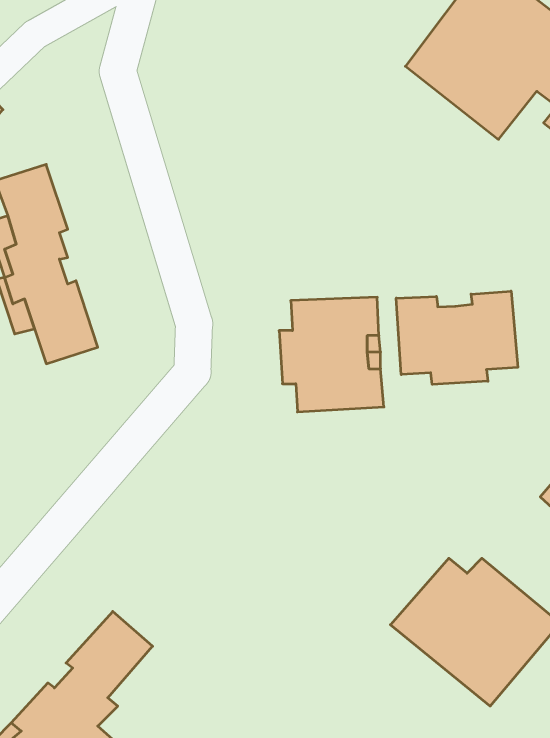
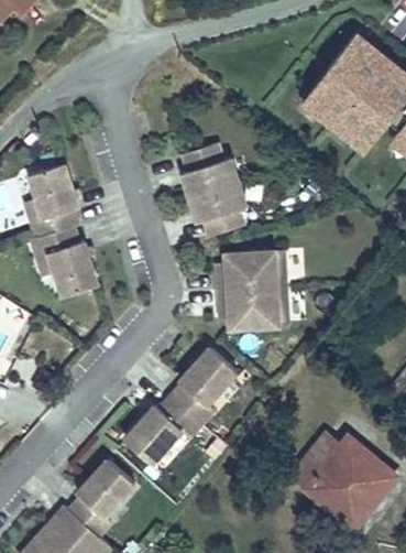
building: none -> [182,147,244,239]
building: [396,291,518,384] -> none
building: none -> [124,350,237,467]

